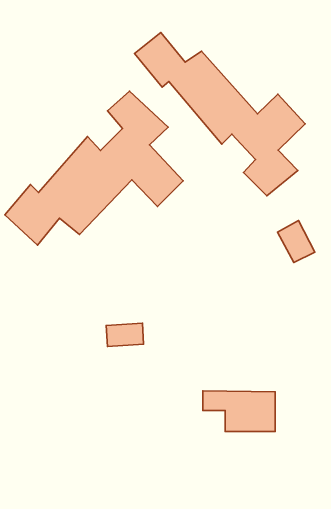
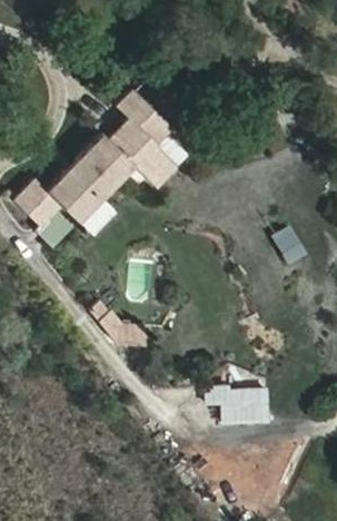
building: [134,32,305,196] -> none

